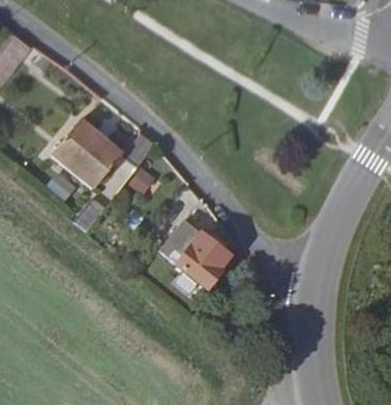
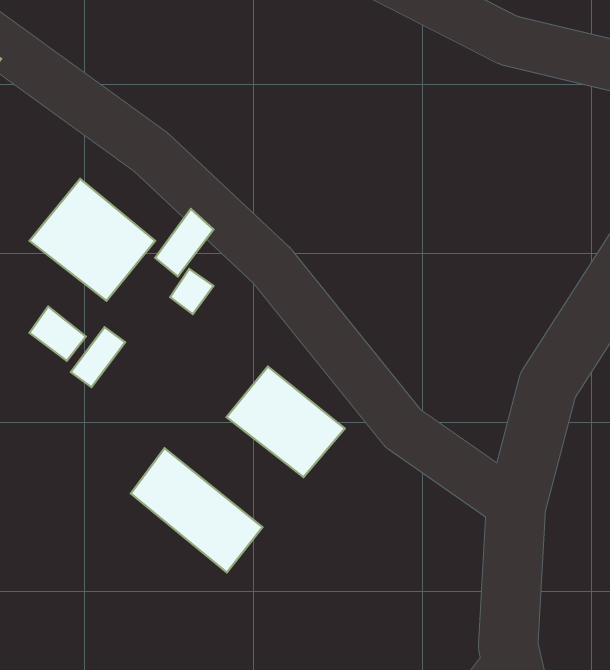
building: none -> [131,448,263,572]

